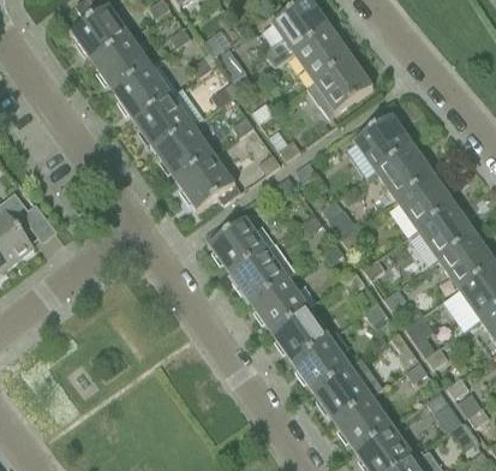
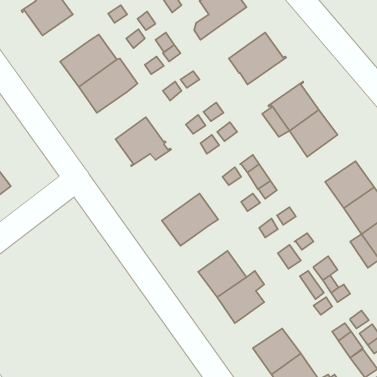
building: [295,29,349,82] -> none
building: [94,37,149,91] -> none
building: [156,126,213,180] -> none
building: [398,175,453,229] -> none
building: [204,217,274,274] -> none
building: [252,279,316,333] -> none
building: [315,358,383,421] -> none

